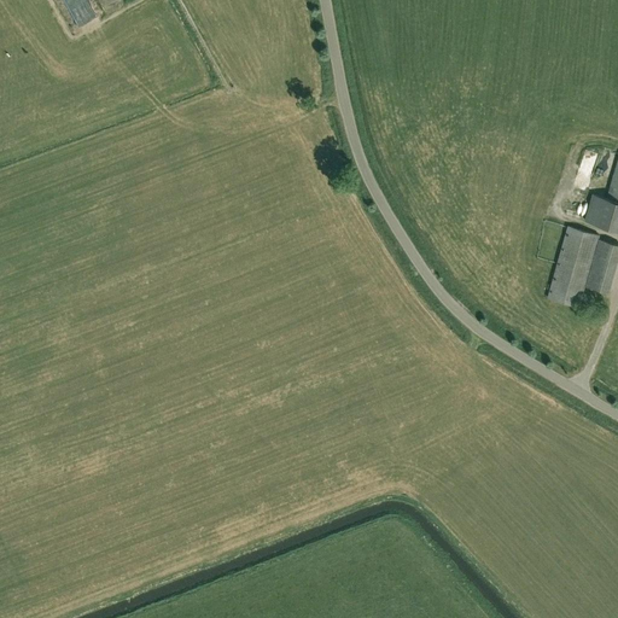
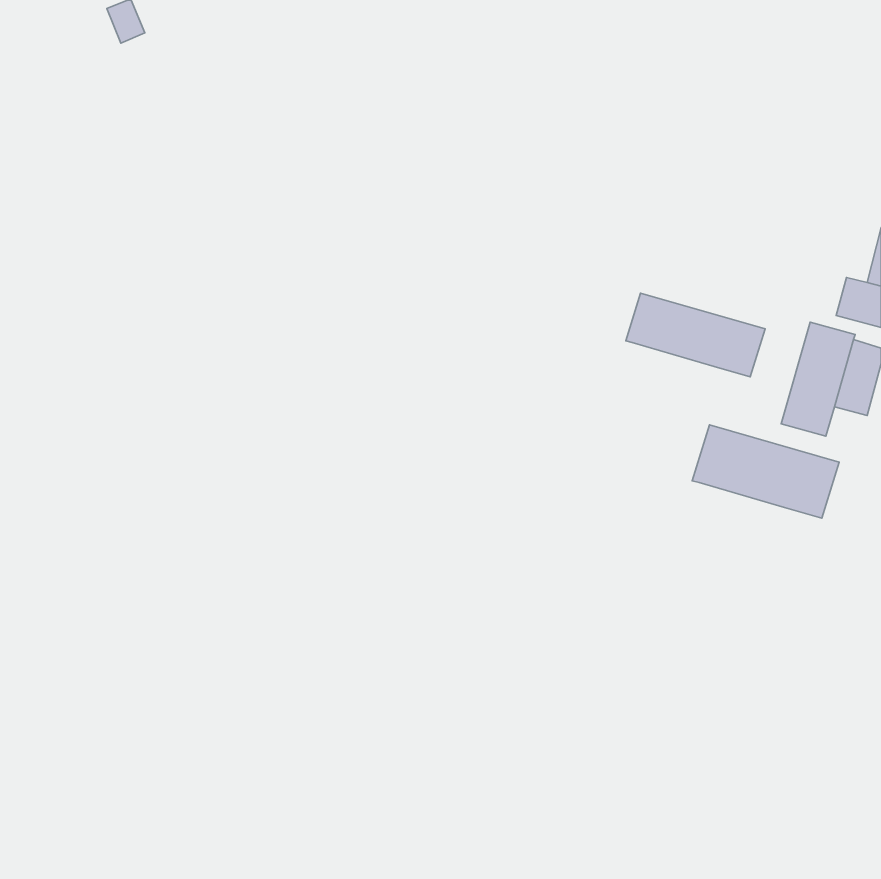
building: none -> [626,293,765,377]
building: none -> [692,425,839,518]

